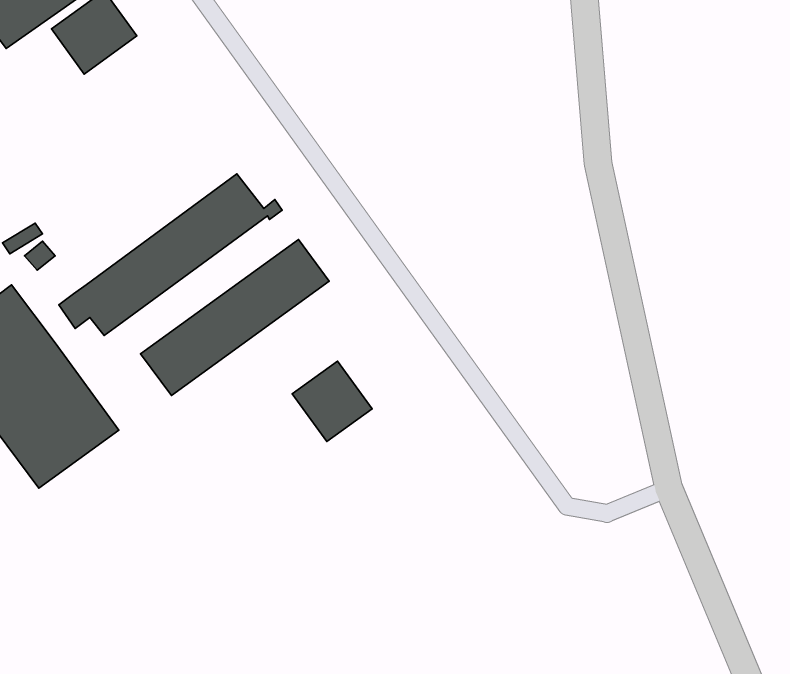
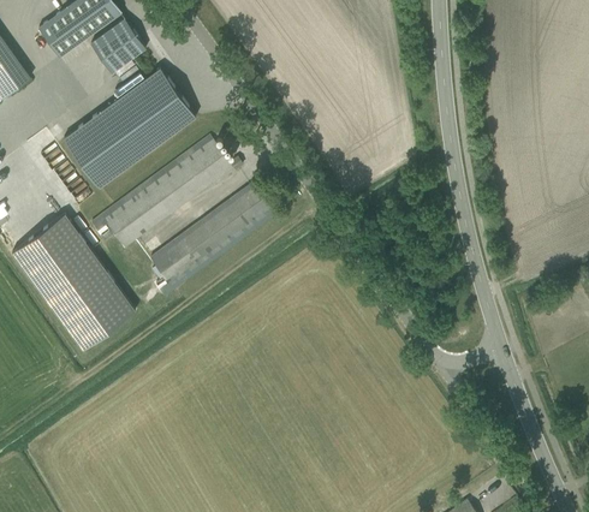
building: none -> [64,69,195,186]
building: [292,361,372,441] -> none

